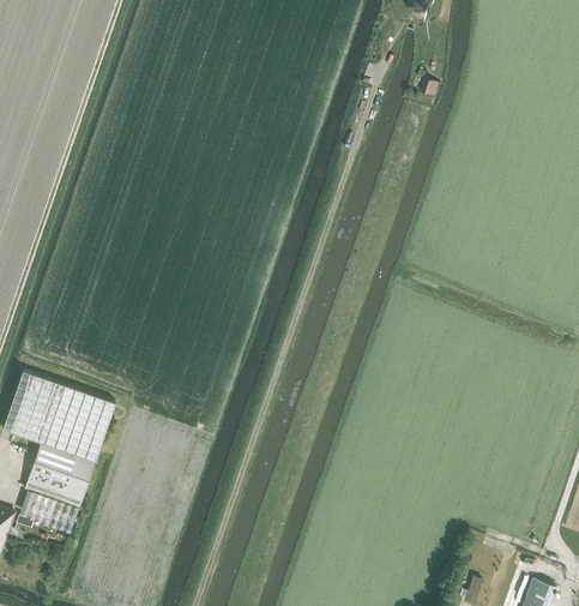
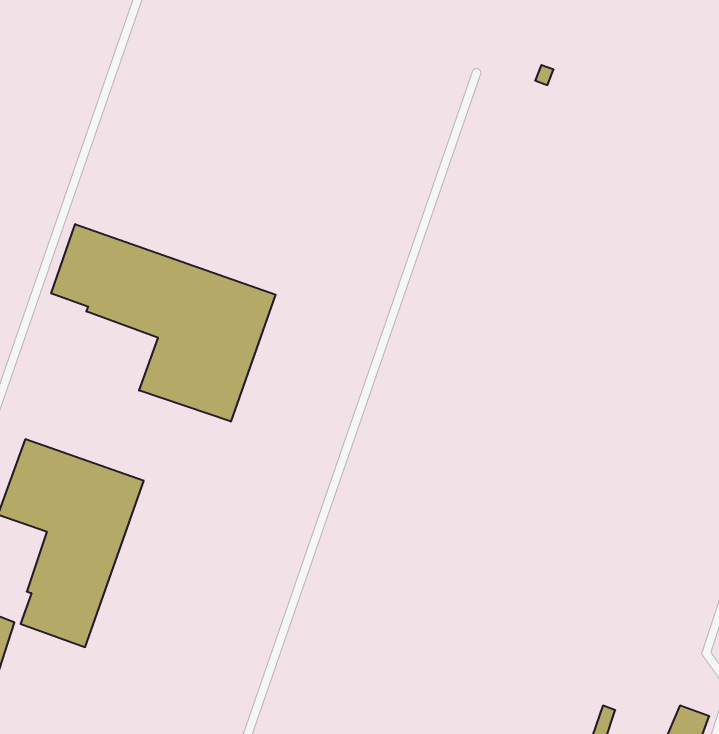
building: none -> [51,224,276,422]

